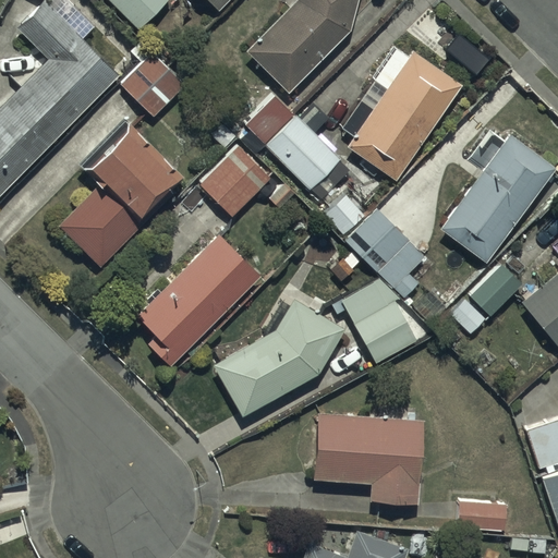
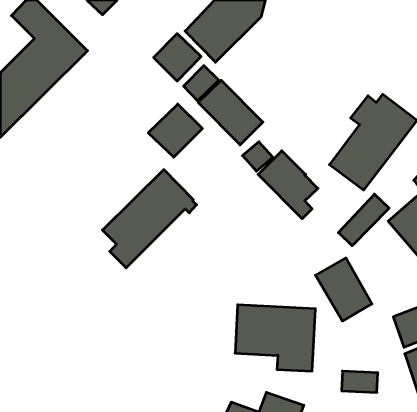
building: [348,51,461,180] -> none
building: [122,54,185,118] -> [154,34,201,81]
building: [60,121,183,265] -> none
building: [340,279,415,363] -> [315,258,372,321]
building: [214,298,344,415] -> none

